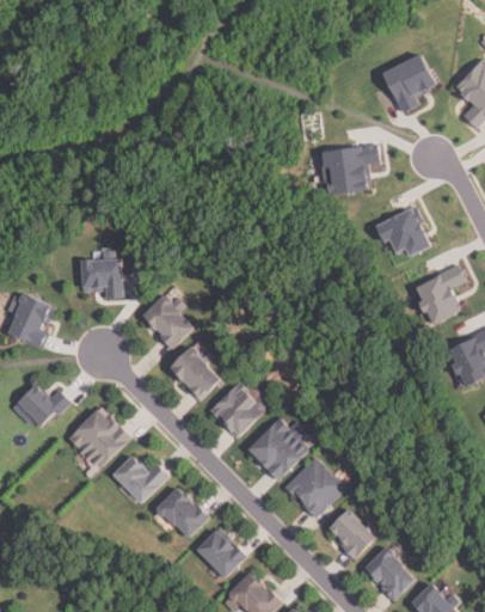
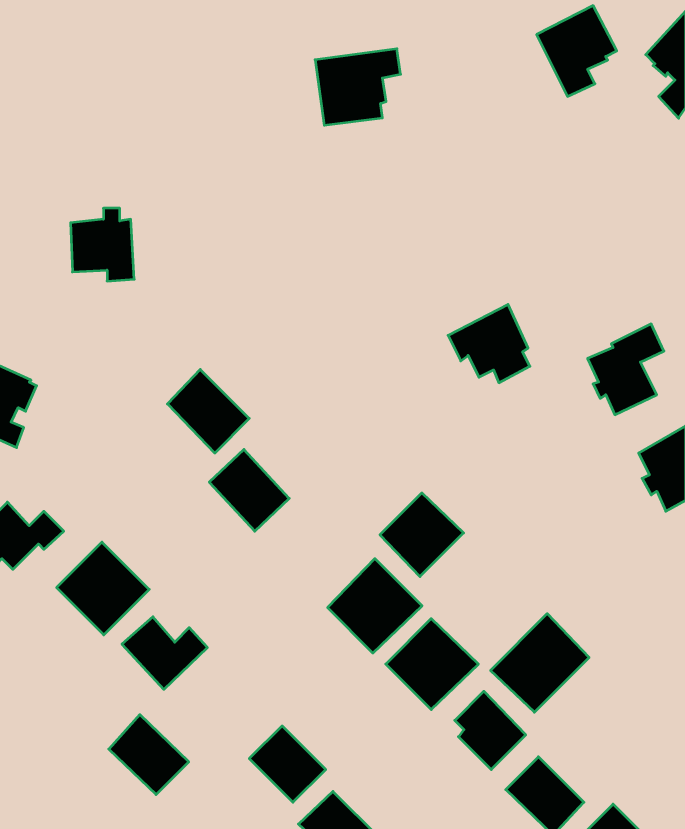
building: [323,145,379,195] -> [315,49,401,125]
building: [376,206,430,257] -> [448,304,530,383]
building: [81,247,123,295] -> [71,208,134,281]
building: [209,382,264,437] -> [380,493,464,577]
building: none -> [491,614,589,712]
building: [154,486,207,539] -> [109,715,189,795]

